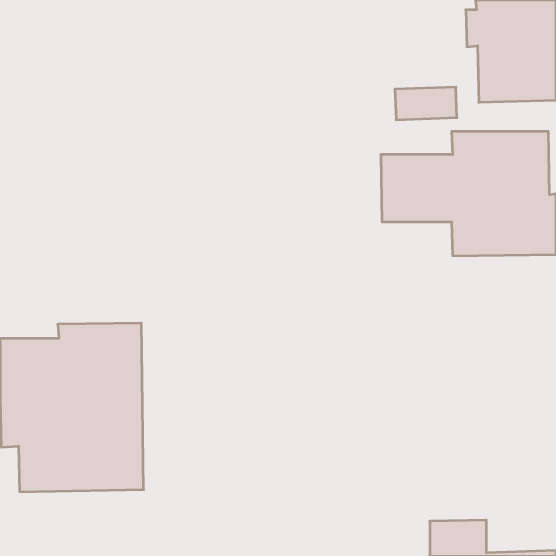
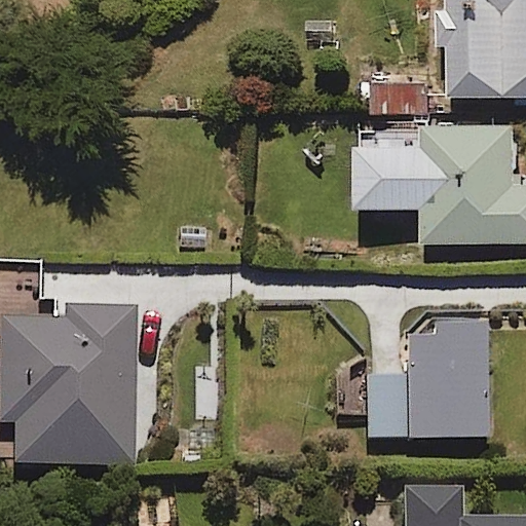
building: none -> [368,324,488,441]

